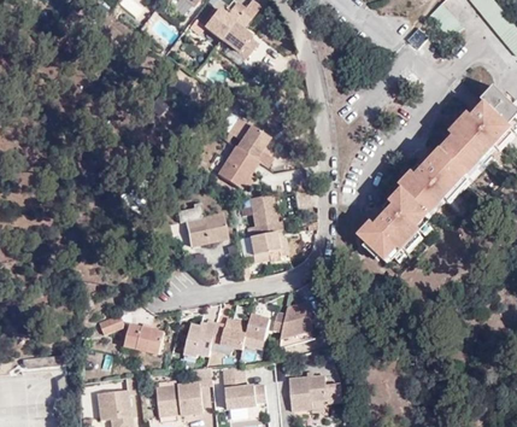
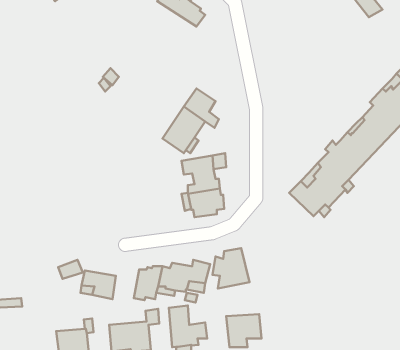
building: [182,211,222,246] -> none

